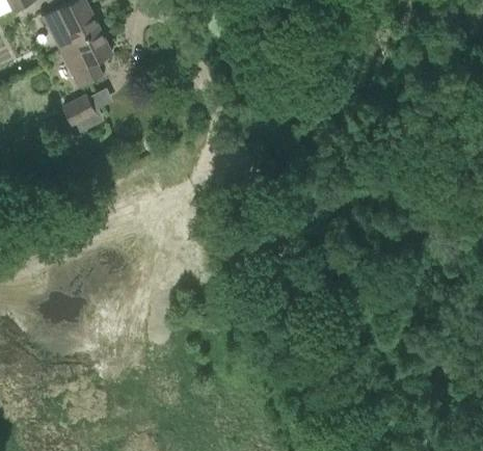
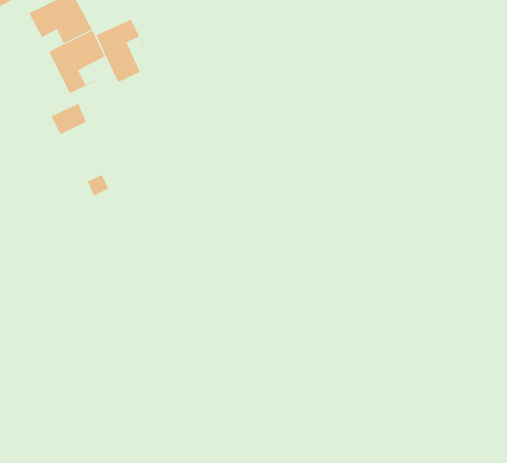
building: none -> [96,19,145,83]

